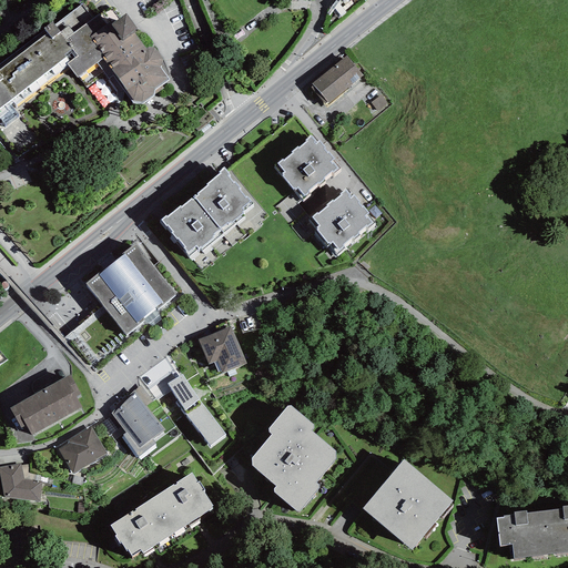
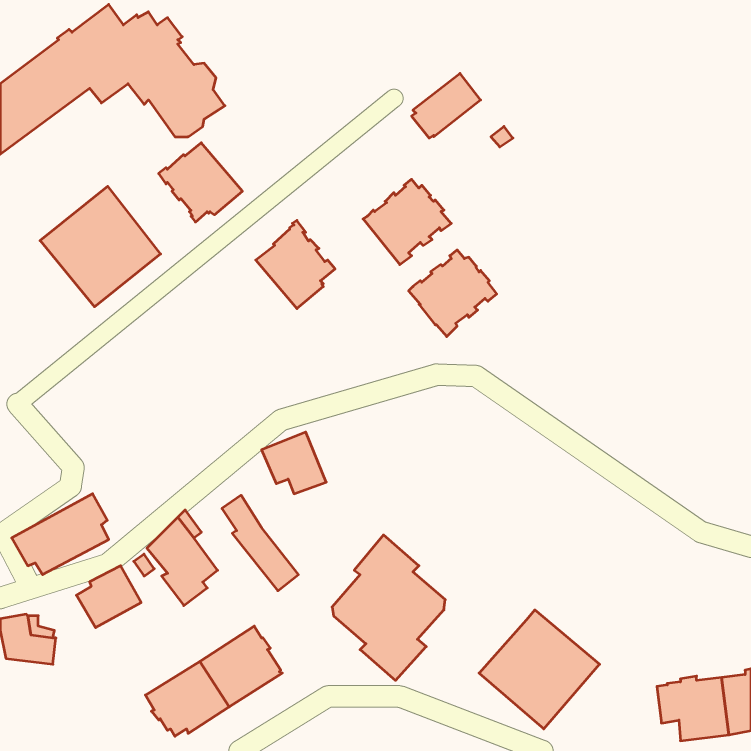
building: [161,196,224,256] -> [159,143,242,222]
building: [85,243,176,334] -> [40,186,161,307]

